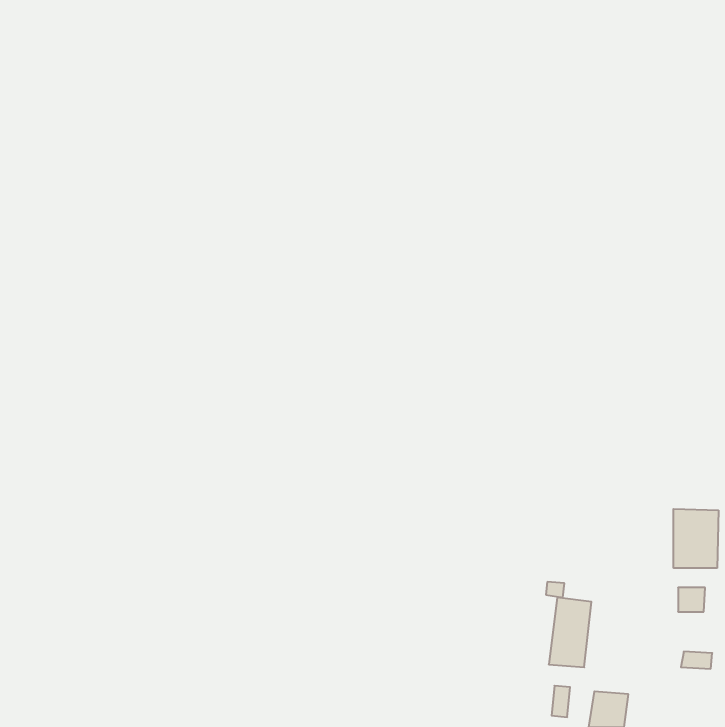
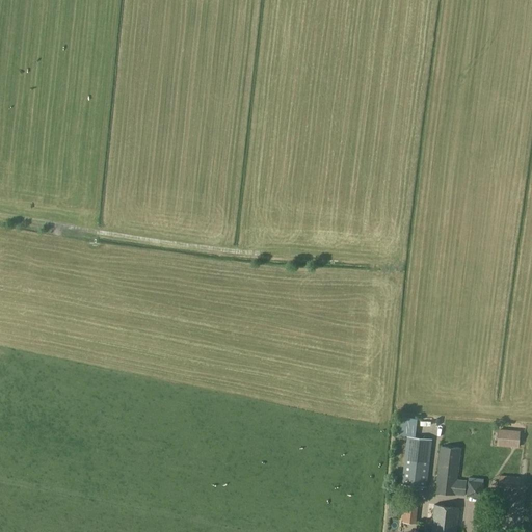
building: [673,509,718,568] -> none
building: none -> [436,446,468,496]

